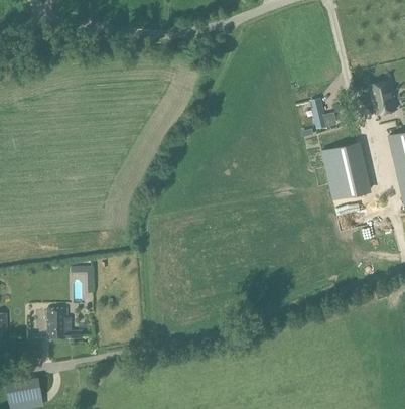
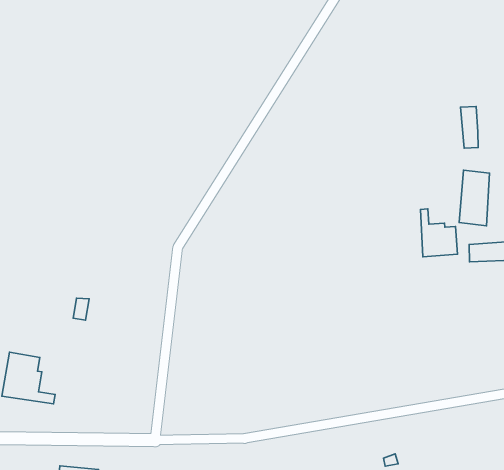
building: none -> [421,209,458,257]

